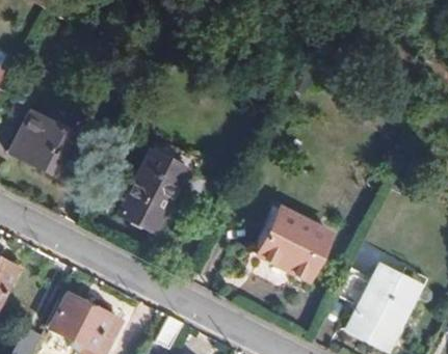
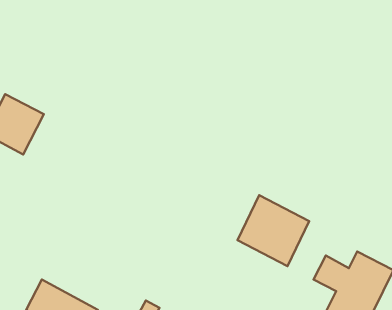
building: [123,154,186,233] -> none

